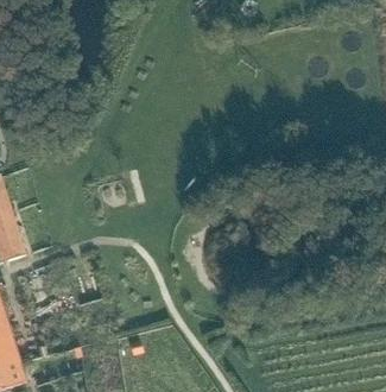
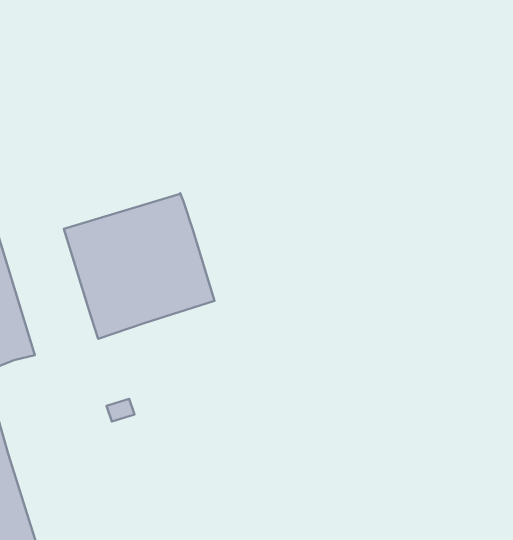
building: none -> [64,193,215,339]

